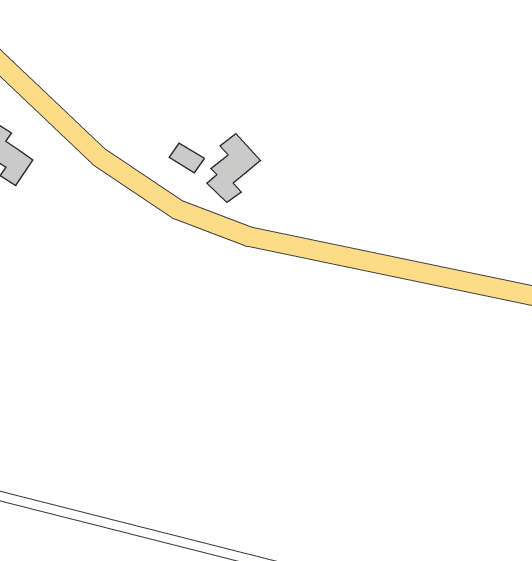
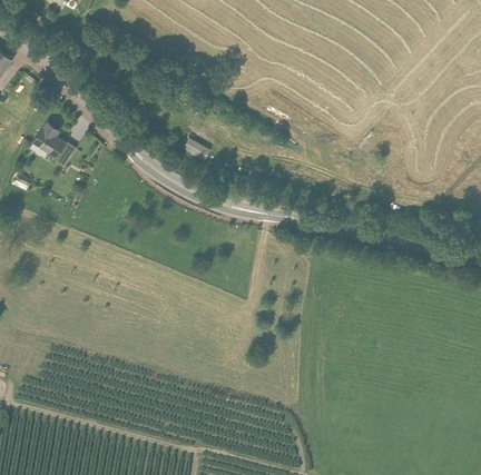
building: [207,134,261,202] -> none

